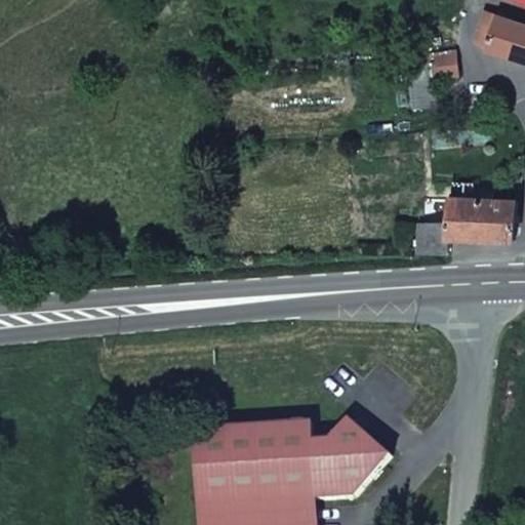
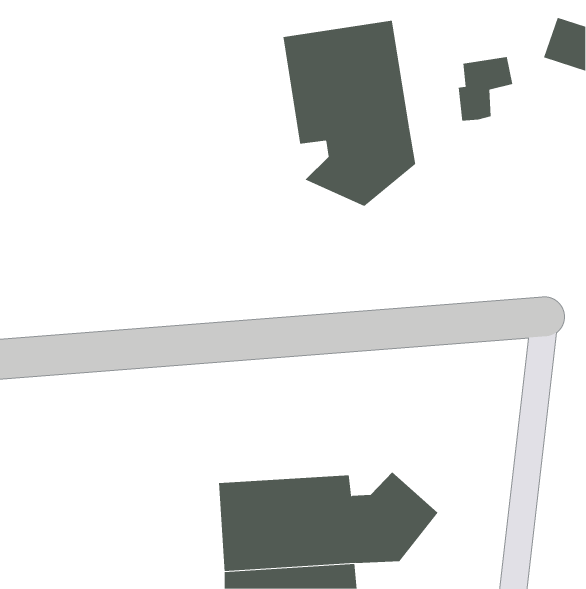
building: none -> [283,20,416,207]
building: [413,191,513,252] -> none

